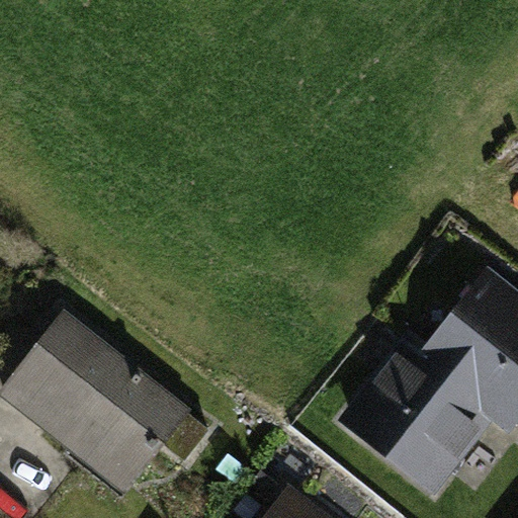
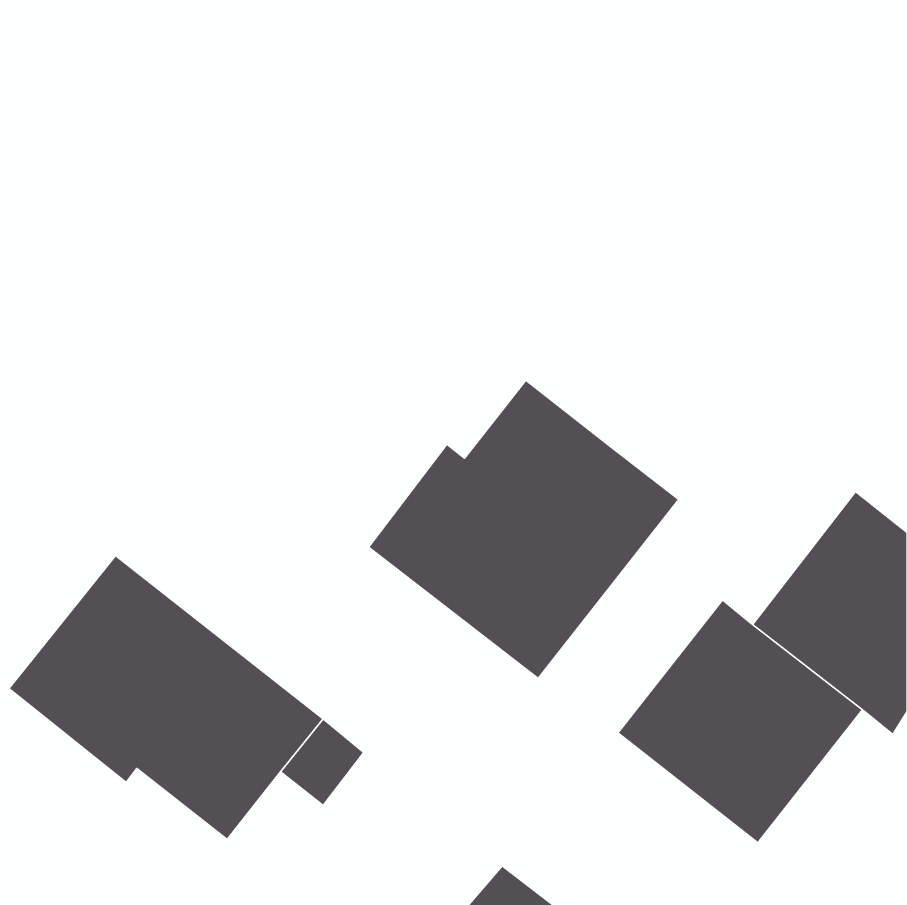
building: none -> [369,380,679,679]

